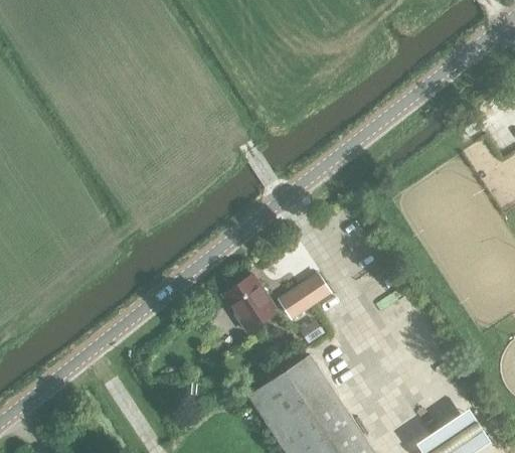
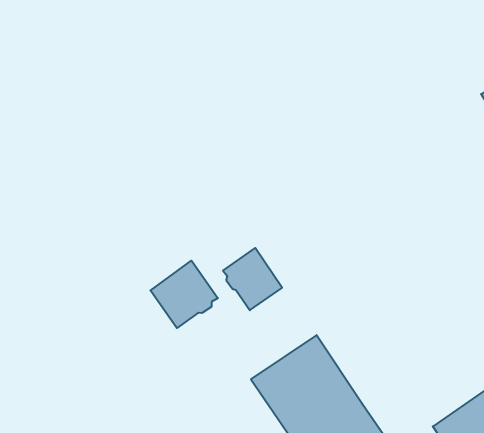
building: [281,275,331,319] -> none
building: none -> [150,261,218,328]

